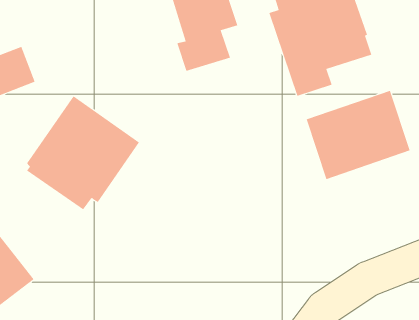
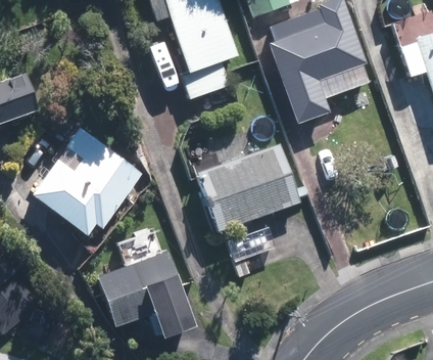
building: [306,90,410,180] -> [200,143,302,231]
building: none -> [98,252,185,327]

